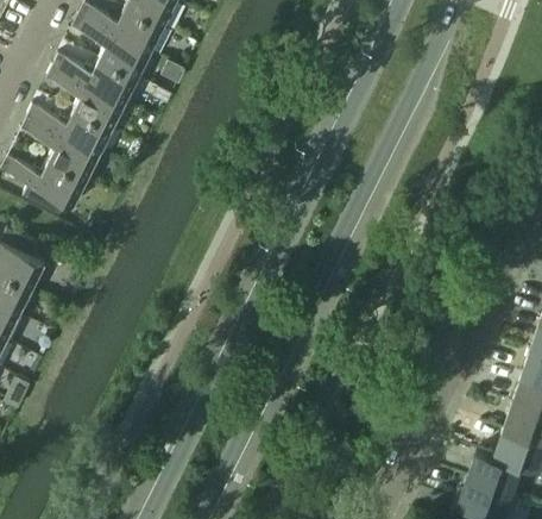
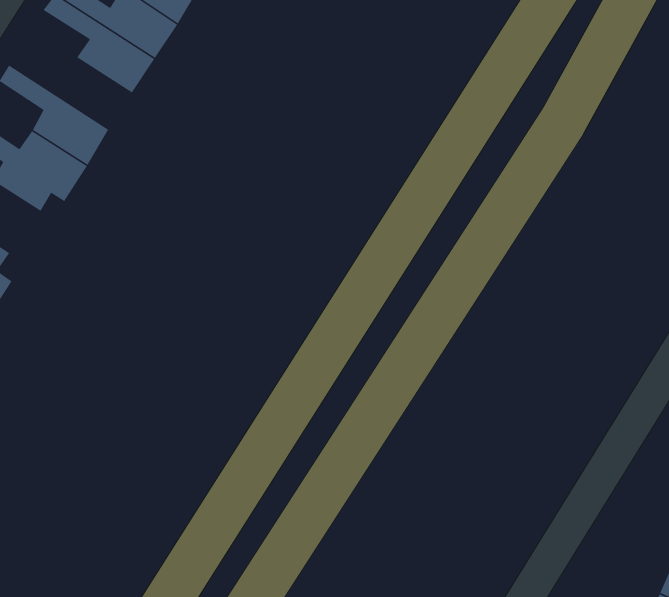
building: [26,106,112,155] -> none

